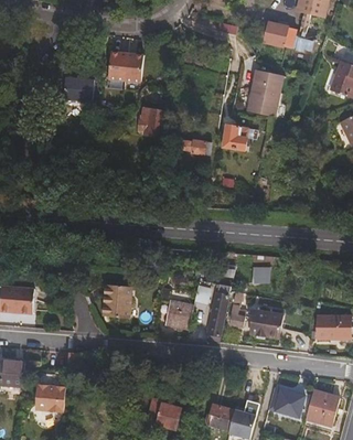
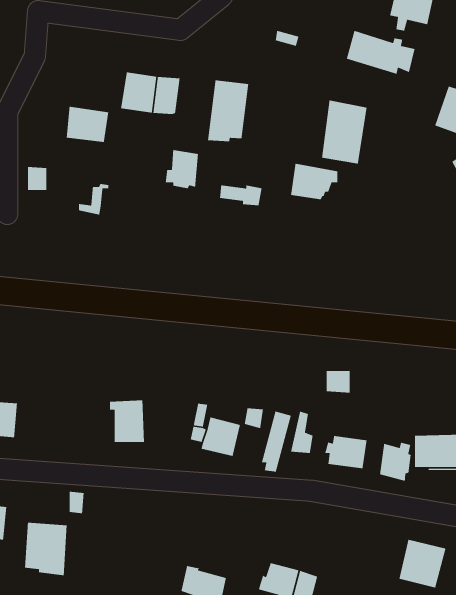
building: none -> [207,80,249,142]
building: none -> [379,442,411,482]
building: [272,385,303,412] -> none

